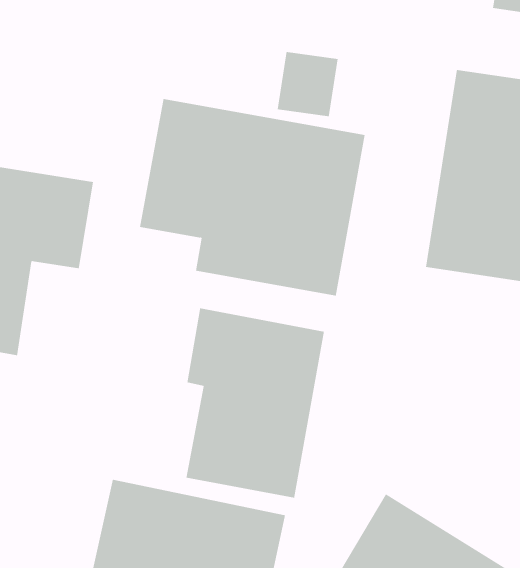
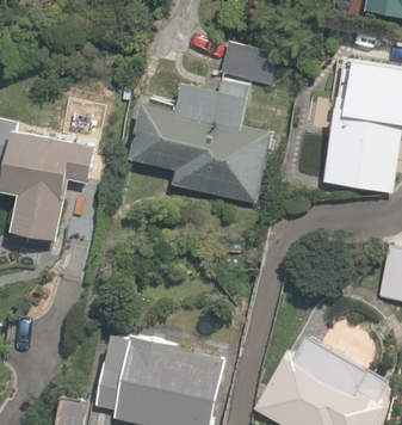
building: [186,308,325,498] -> none

